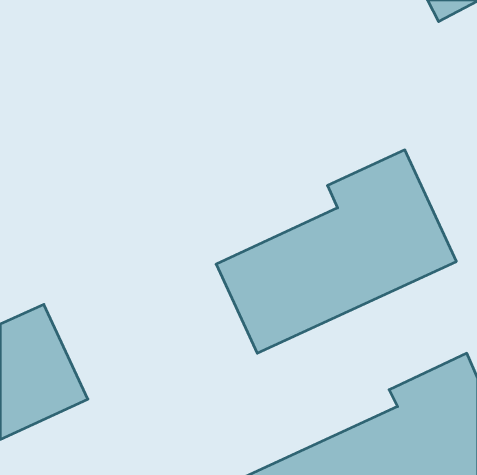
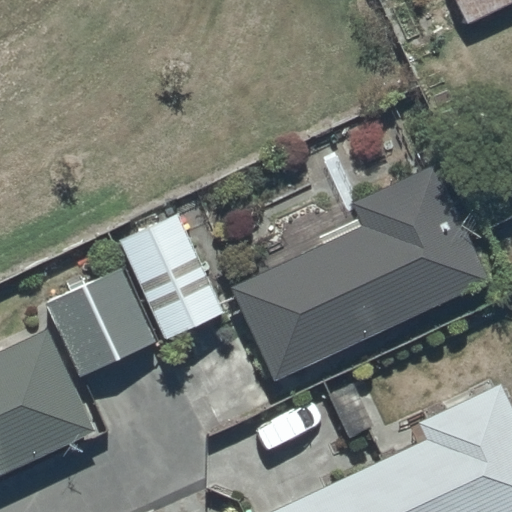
building: none -> [119,214,222,340]
building: none -> [46,271,153,376]

